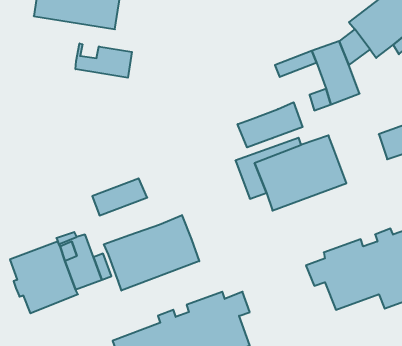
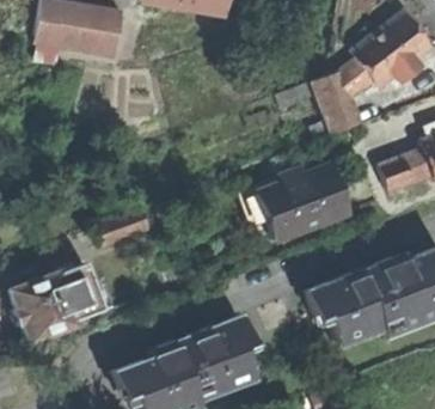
building: [76,43,132,78] -> none
building: [238,102,303,147] -> none
building: [104,215,199,291] -> none

